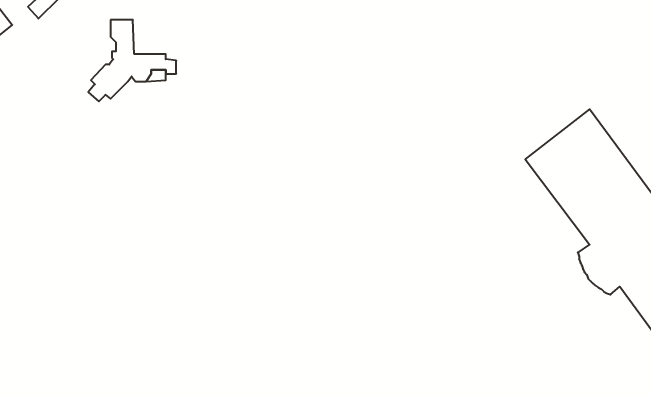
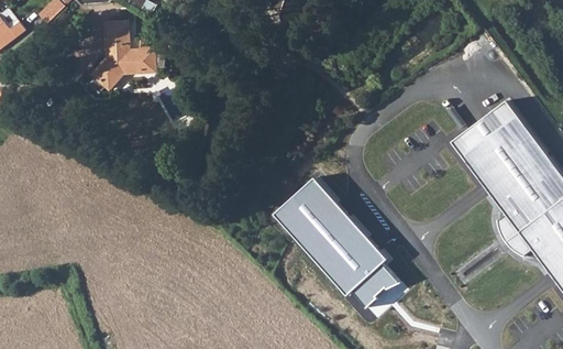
building: none -> [274,177,401,308]

